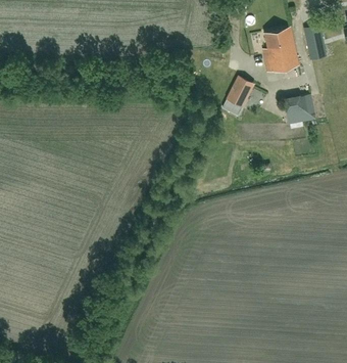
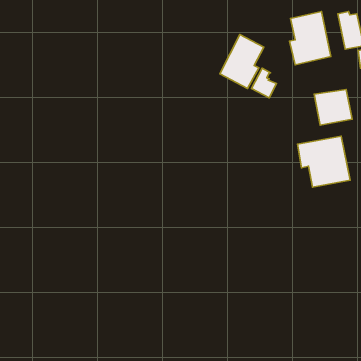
building: none -> [220,34,264,88]
building: none -> [298,136,350,187]

